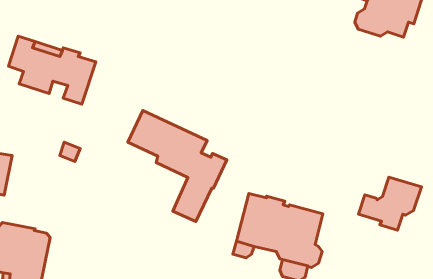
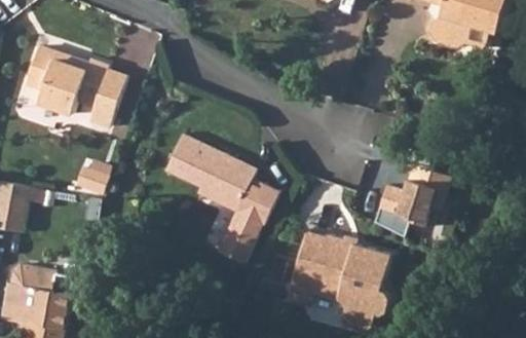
building: [359,177,421,230] -> [377,164,450,226]

